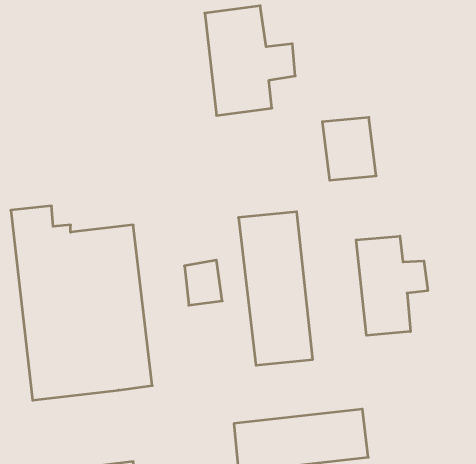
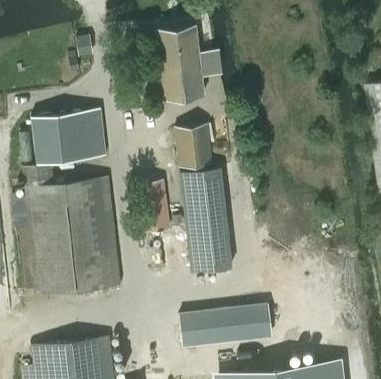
building: [322,117,376,180] -> [175,125,212,168]
building: none -> [31,109,107,165]
building: [356,236,428,335] -> none

